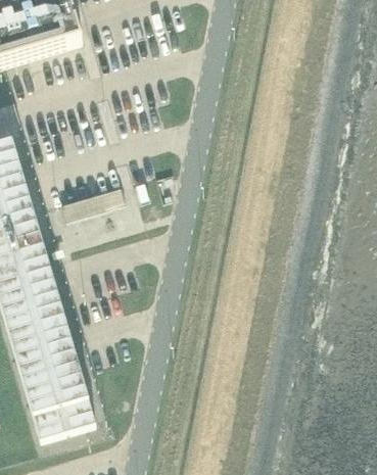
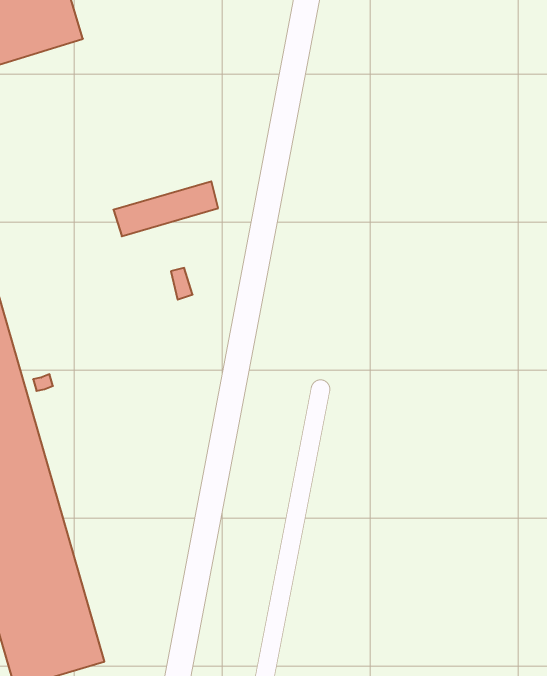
building: [60,187,125,221] -> [113,181,218,236]

